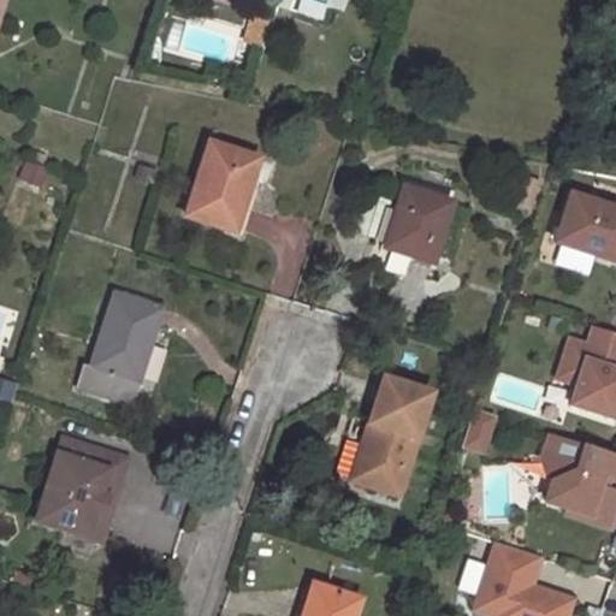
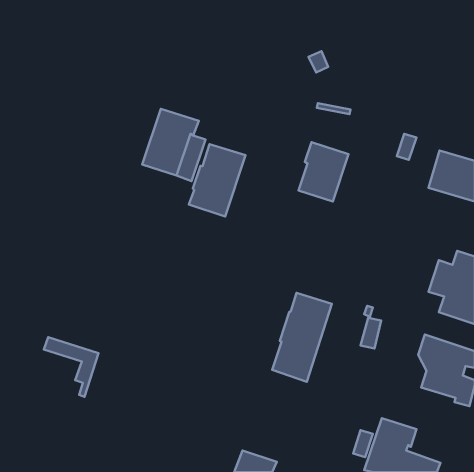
building: none -> [189,144,246,217]
building: [85,294,161,402] -> none
building: [36,452,111,539] -> none

